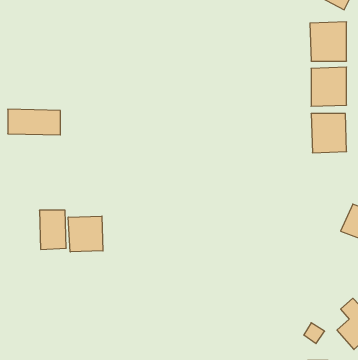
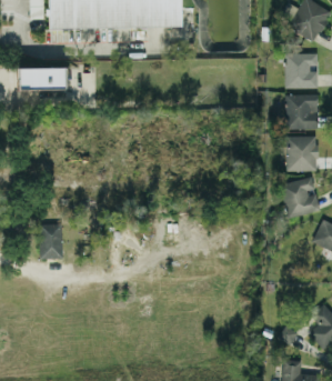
building: [8,109,60,135] -> [18,68,66,91]
building: none -> [281,178,320,218]
building: [68,216,103,252] -> none

